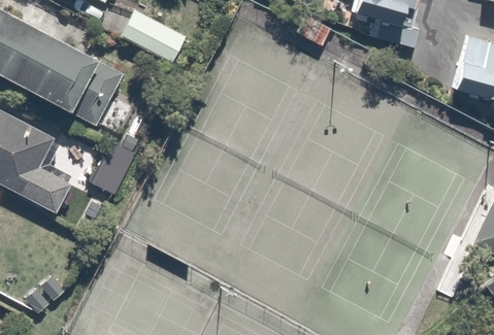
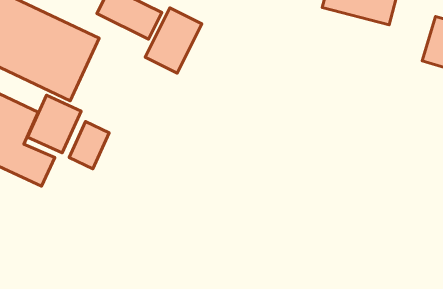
building: none -> [145,8,202,73]
building: none -> [27,95,81,153]

